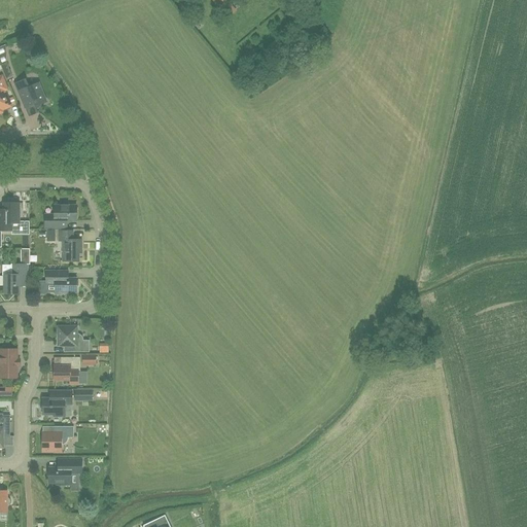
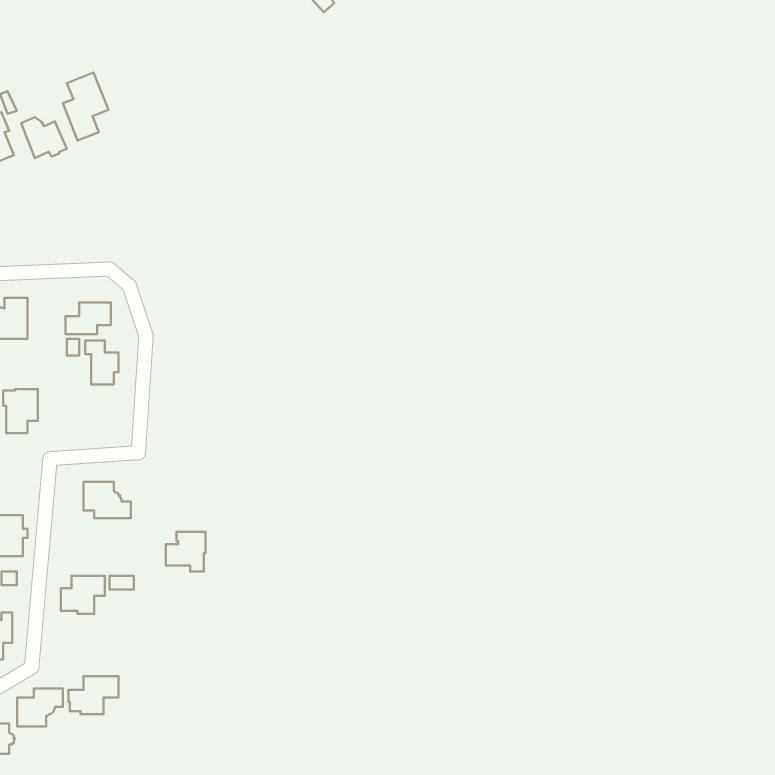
building: none -> [63,72,108,141]
building: [45,271,77,293] -> none
building: [52,356,79,383] -> [166,532,205,571]
building: [41,425,72,451] -> [17,688,63,726]

